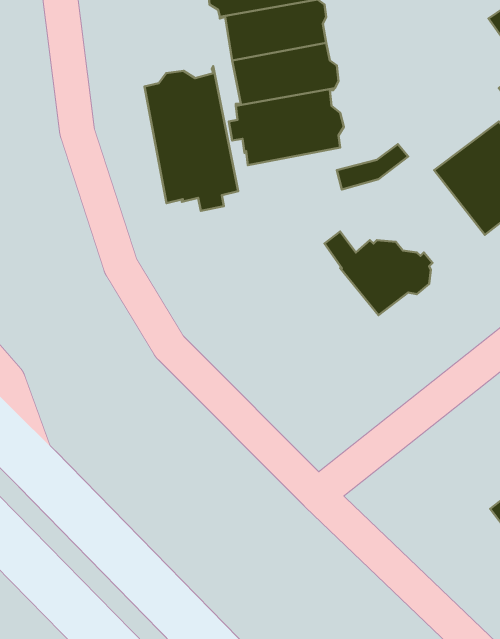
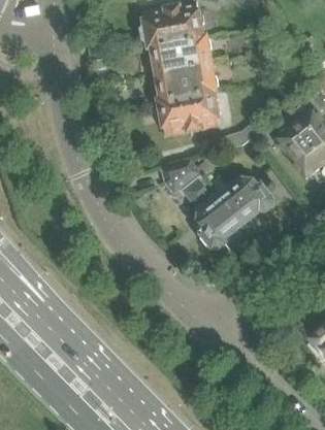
building: [144,66,238,211] -> none
building: none -> [162,159,201,193]
building: none -> [187,175,242,247]

